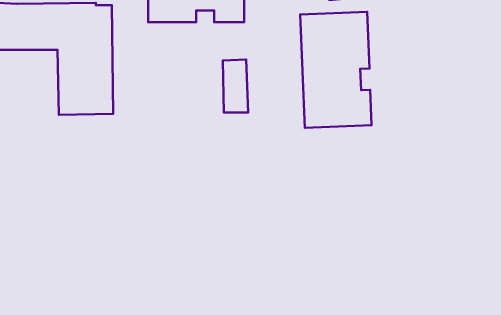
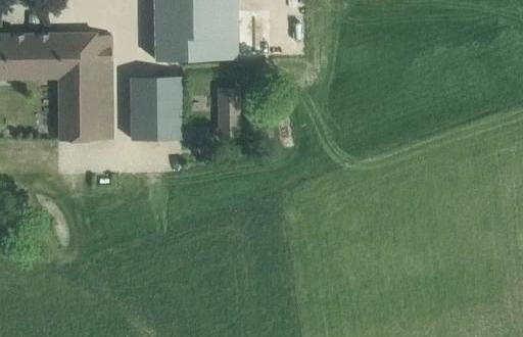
building: [300,12,372,128] -> none
building: none -> [130,78,182,139]

